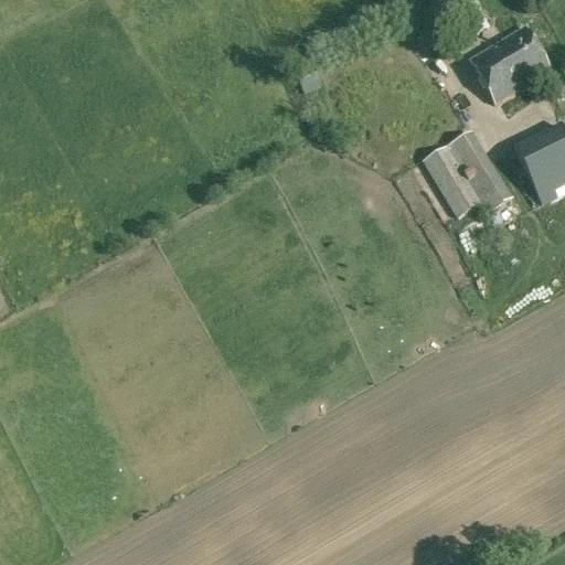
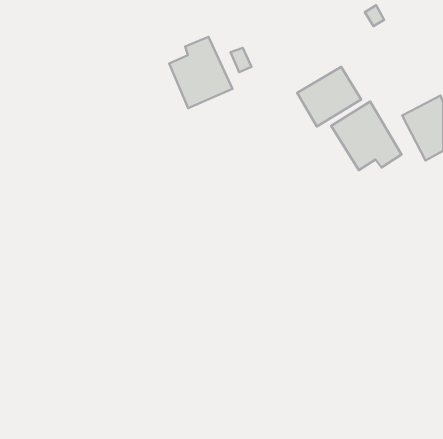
building: [469,25,551,102] -> [297,67,361,127]
building: none -> [169,37,233,108]

